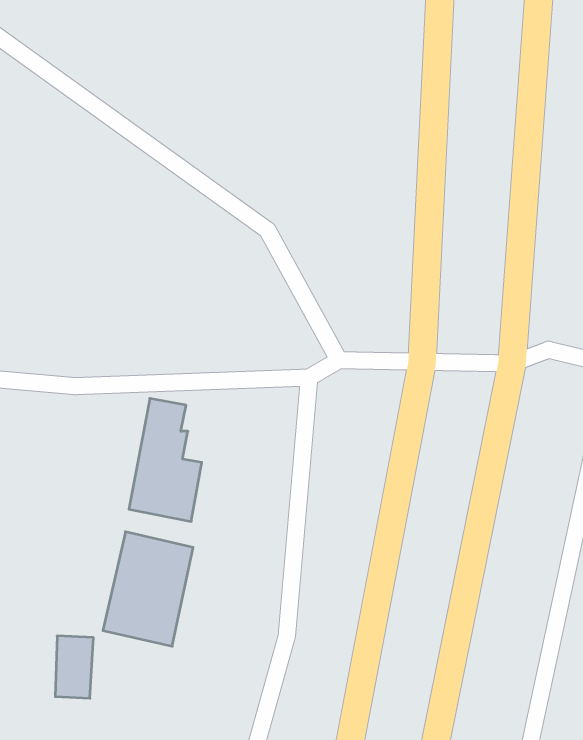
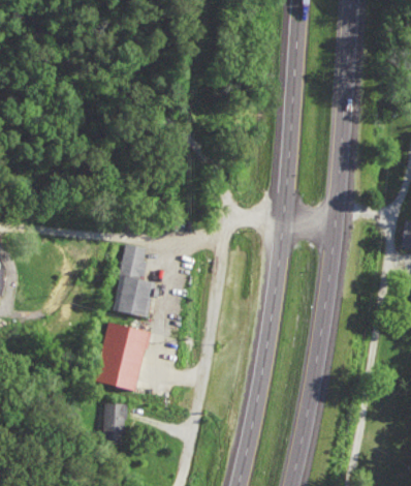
building: [55,636,93,698] -> [101,403,124,441]

